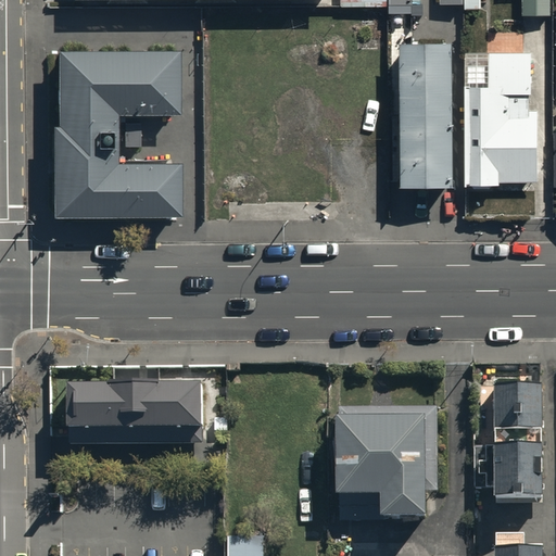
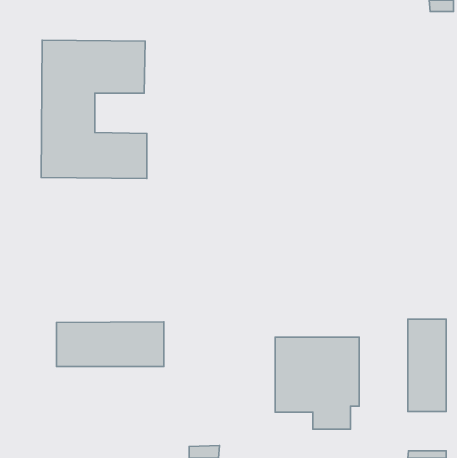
building: [401,42,454,189] -> none
building: [465,55,539,185] -> none

